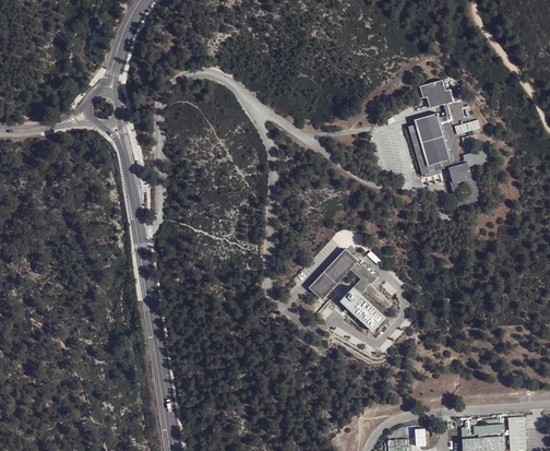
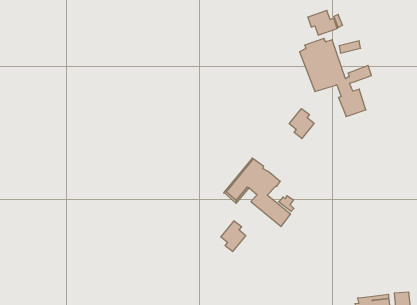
building: none -> [289,109,314,139]
building: none -> [221,221,246,252]

